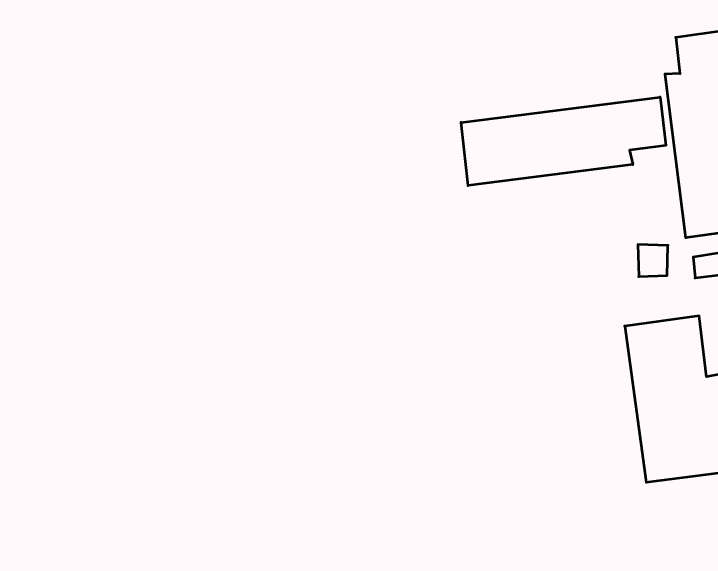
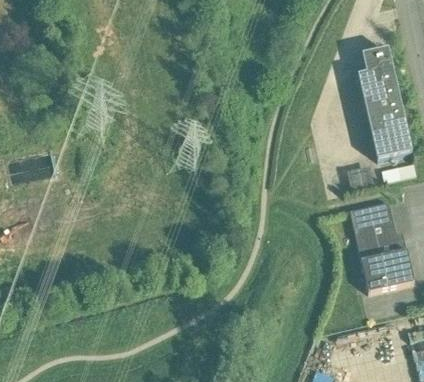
building: [461,97,666,186] -> none

